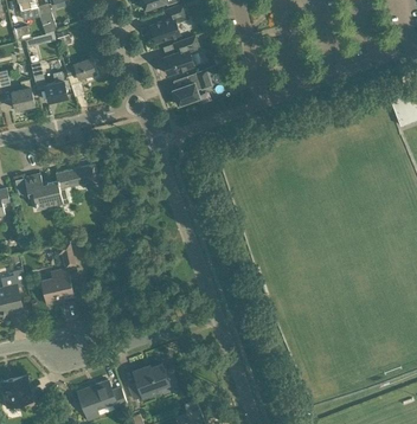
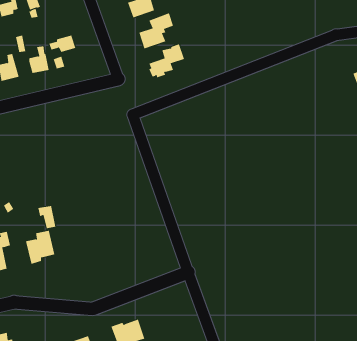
building: [23,163,100,210] -> none

